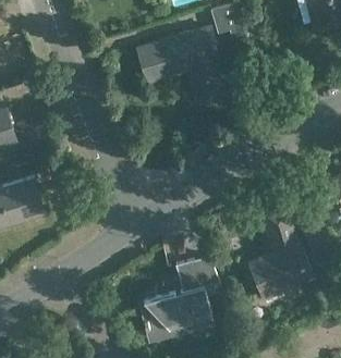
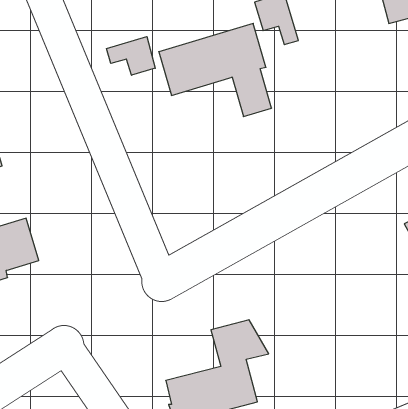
building: none -> [107,37,155,75]
building: [247,209,315,301] -> none

